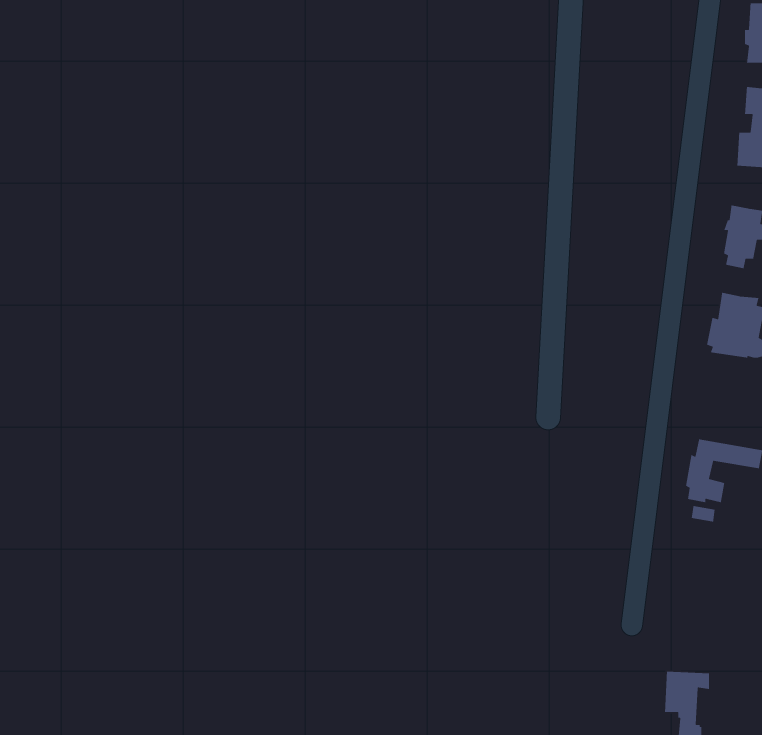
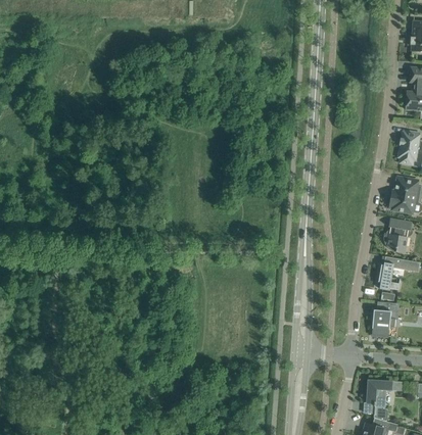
building: none -> [383,218,412,253]
building: none -> [371,301,400,339]

